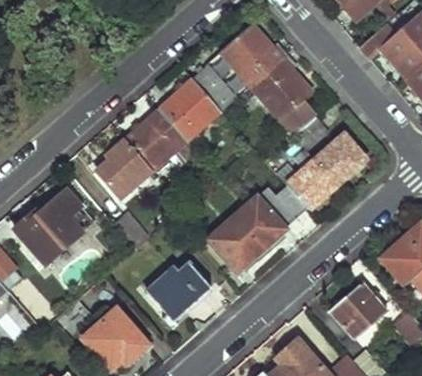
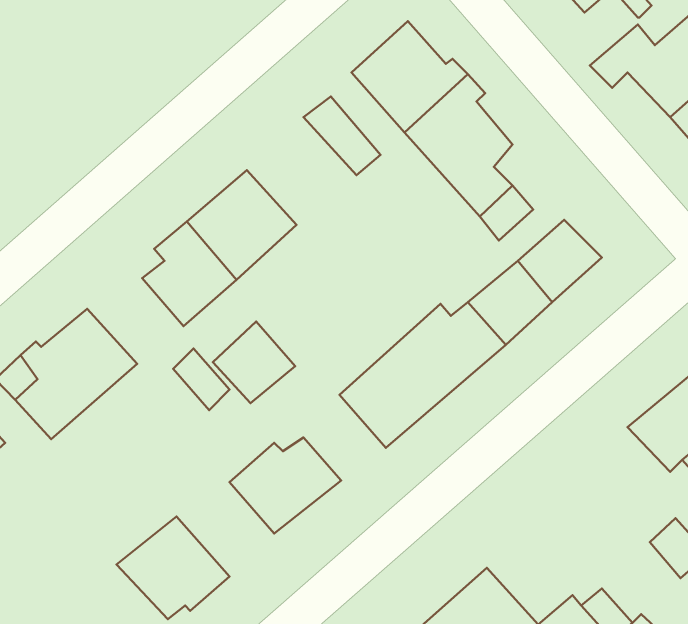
building: [158,77,222,140] -> none
building: none -> [213,321,295,403]
building: [327,282,387,340] -> none

